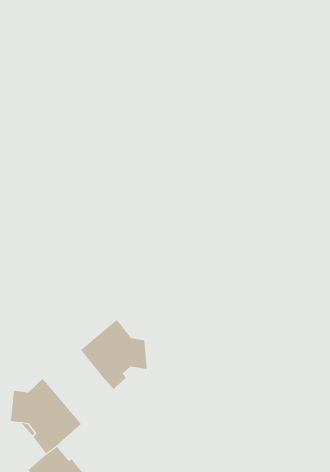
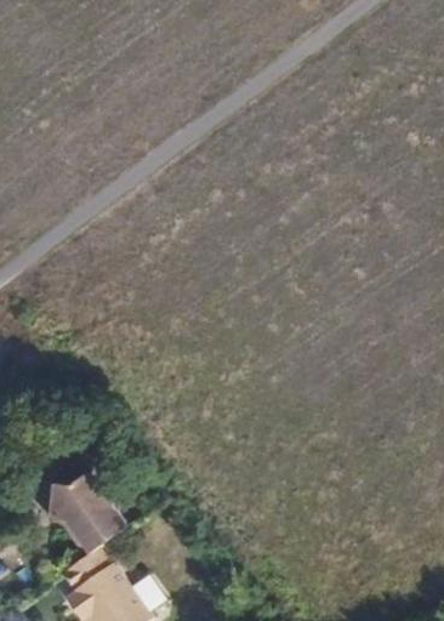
building: [80,319,147,390] -> none

